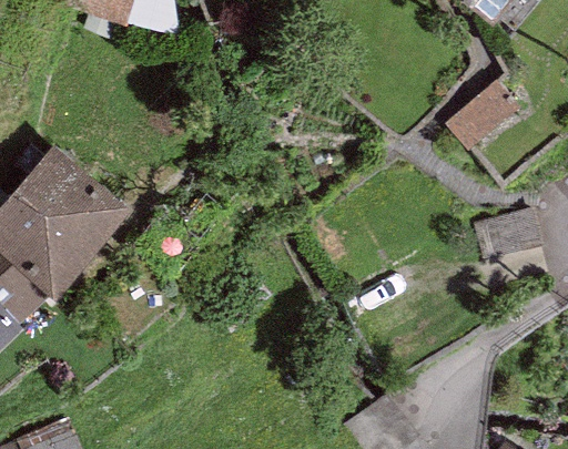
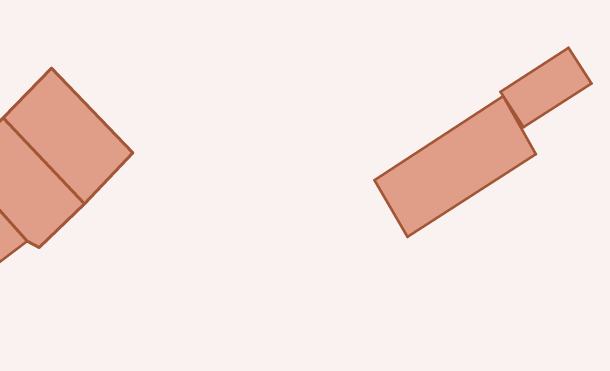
building: none -> [374,96,536,237]

